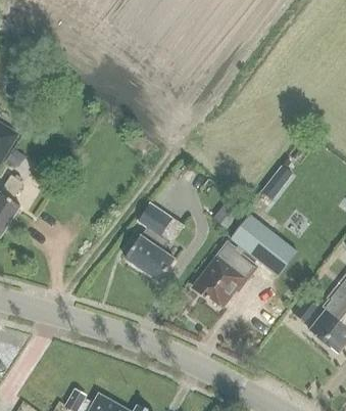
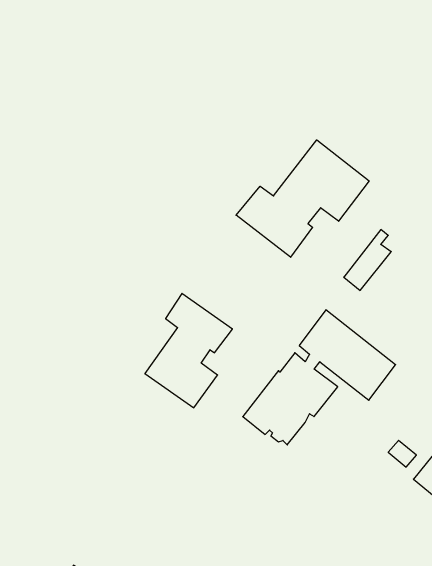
building: none -> [236,140,369,257]

